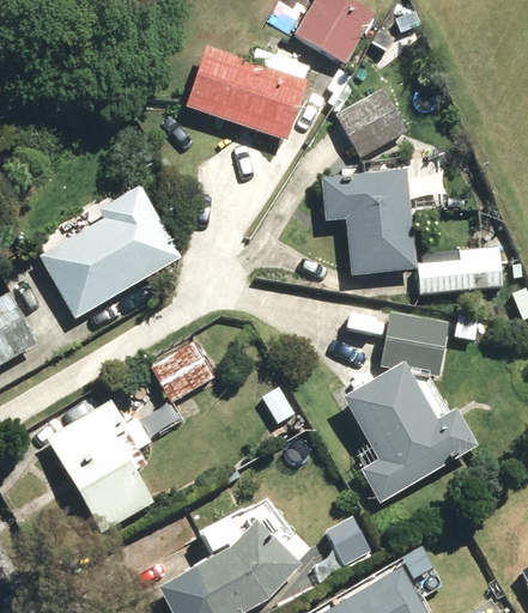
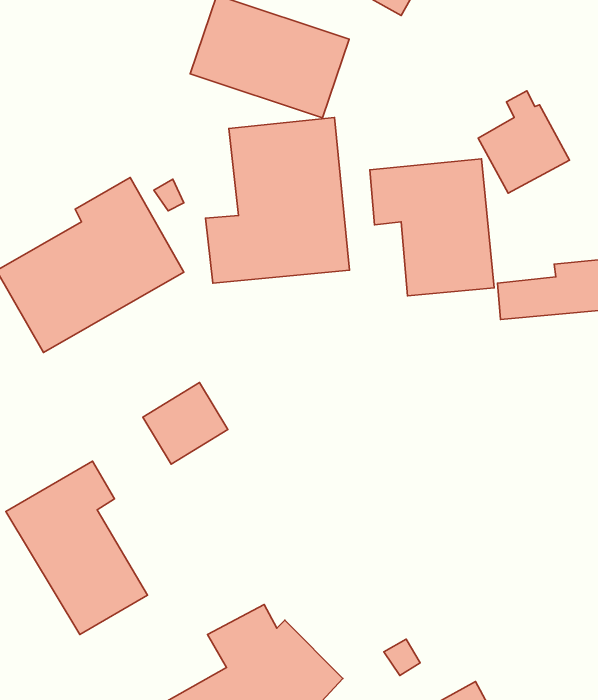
building: [336,78,406,156] -> [478,91,569,193]
building: none -> [206,117,349,283]
building: [345,312,478,503] -> none

